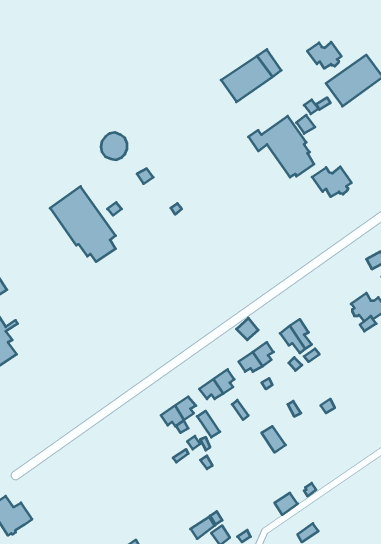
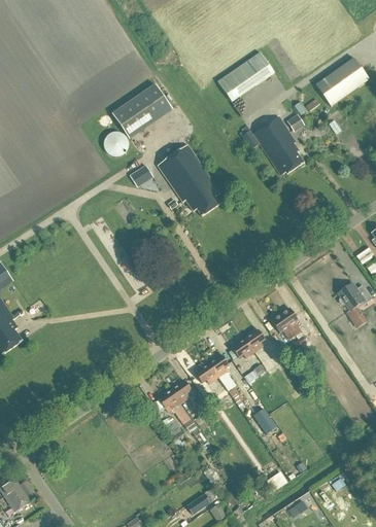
building: [307,42,341,68] -> none
building: none -> [110,82,170,136]
building: [312,167,351,197] -> none
building: [50,186,116,262] -> [159,145,220,216]

